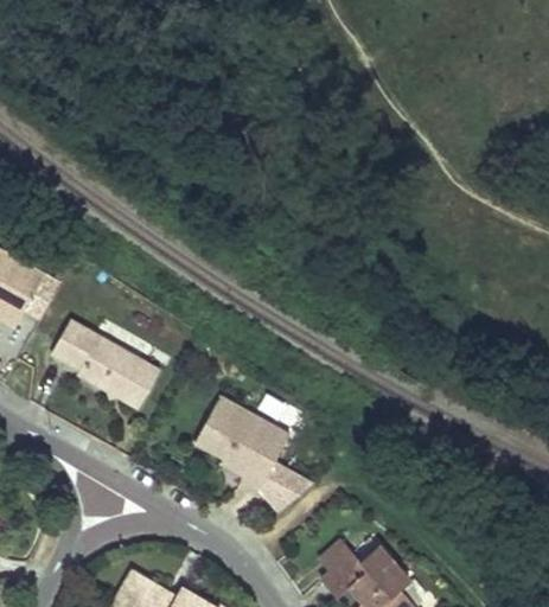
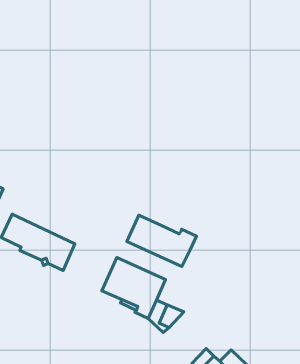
building: none -> [127,215,197,267]

